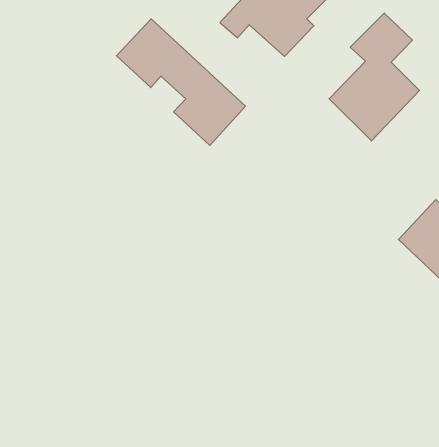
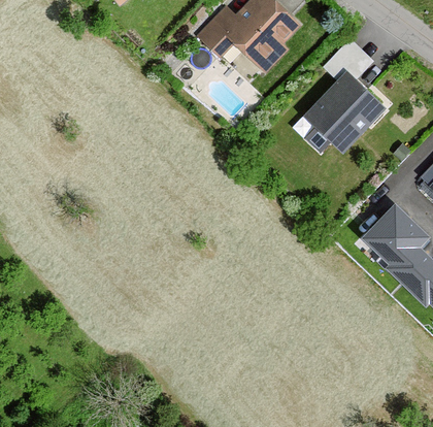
building: [116,19,245,145] -> none

